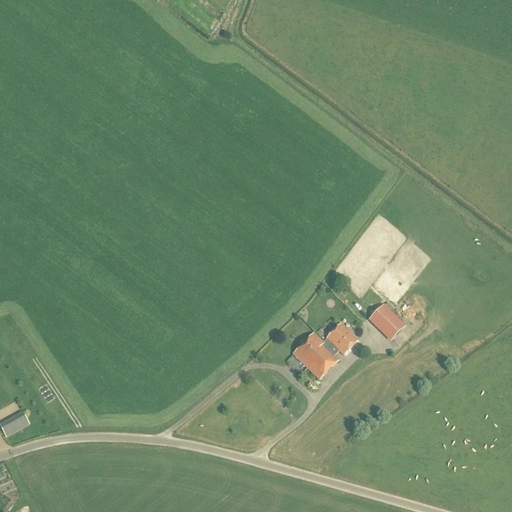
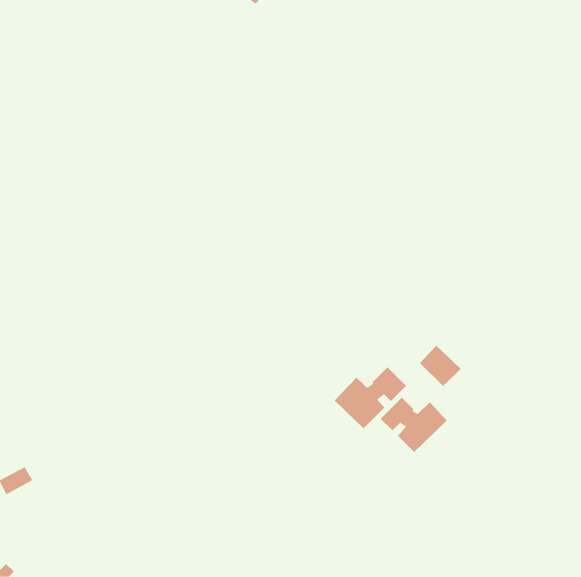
building: none -> [380,397,448,453]

